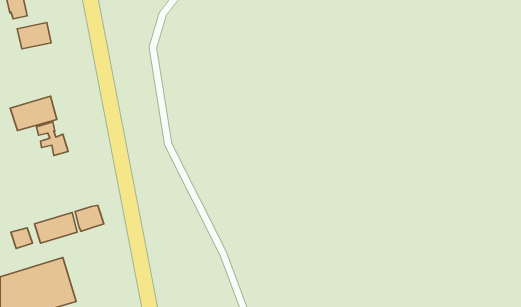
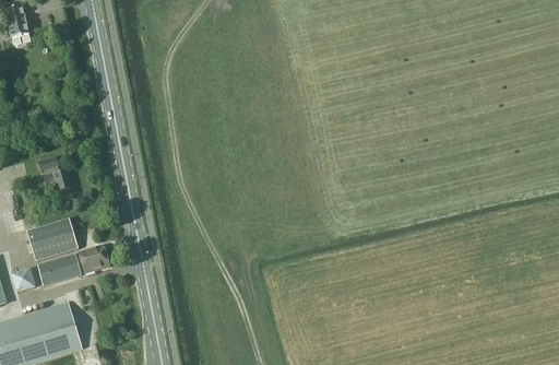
building: [17,22,51,49] -> none
building: [10,96,57,131] -> none
building: none -> [27,219,79,260]

